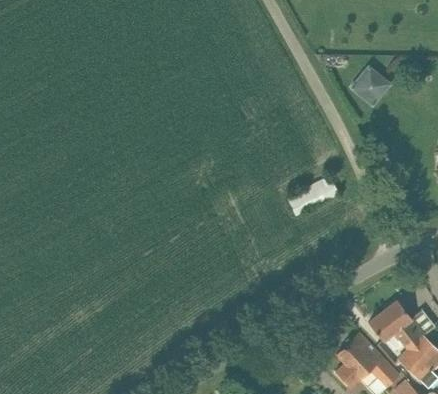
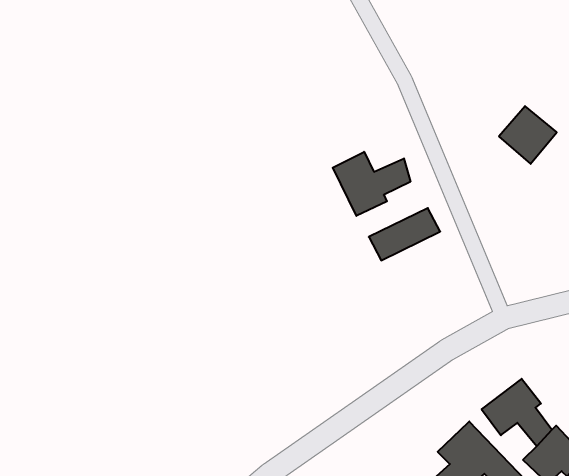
building: [350,65,392,107] -> [499,106,557,164]
building: none -> [333,152,410,216]

